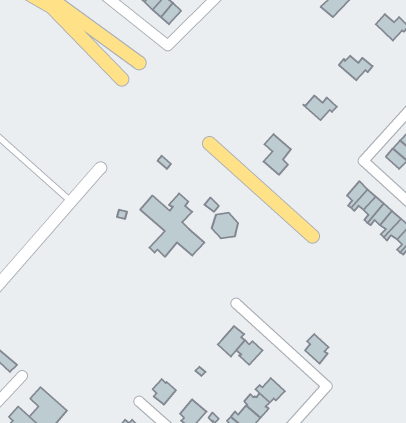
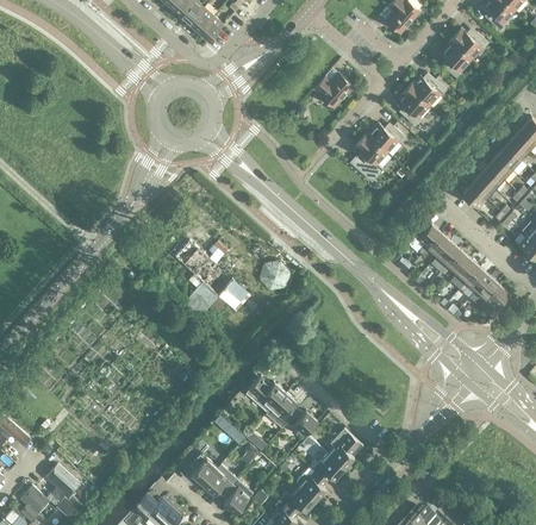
building: none -> [440,39,469,77]
building: none -> [313,73,351,106]
building: none -> [398,87,426,125]
building: [263,134,291,175] -> [353,133,385,181]
building: none -> [249,380,283,411]
building: [305,334,329,364] -> [326,433,354,468]
building: none -> [201,463,235,494]

